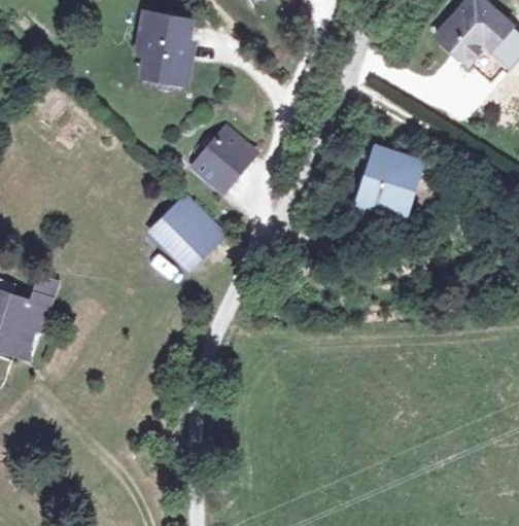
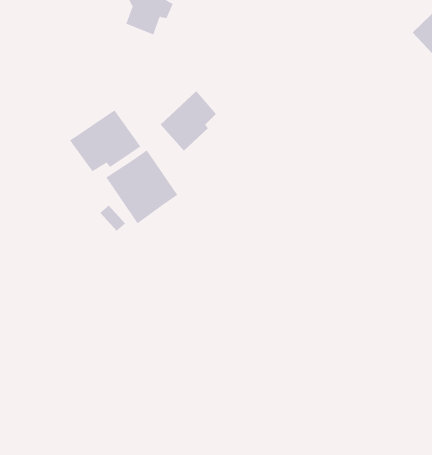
building: [360,150,422,213] -> none
building: none -> [69,109,141,172]

